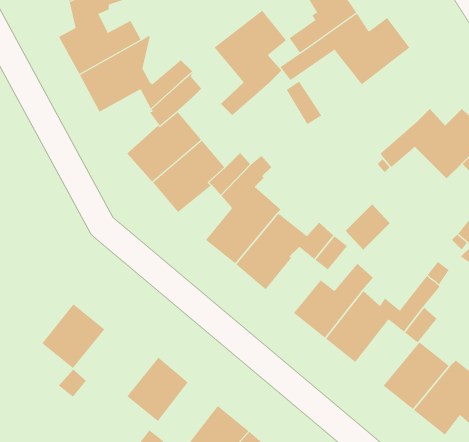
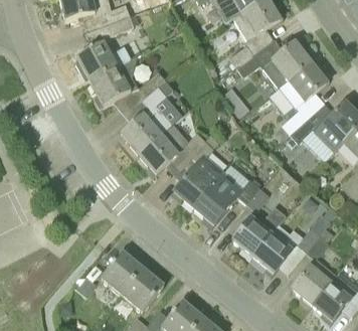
building: [214,10,287,116] -> [278,63,326,134]
building: [41,304,105,369] -> [101,252,143,295]

